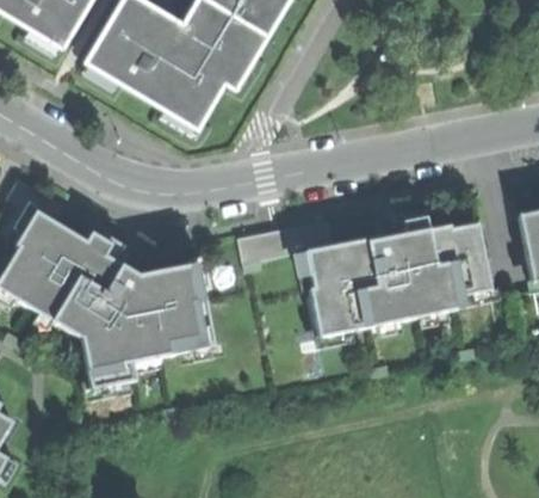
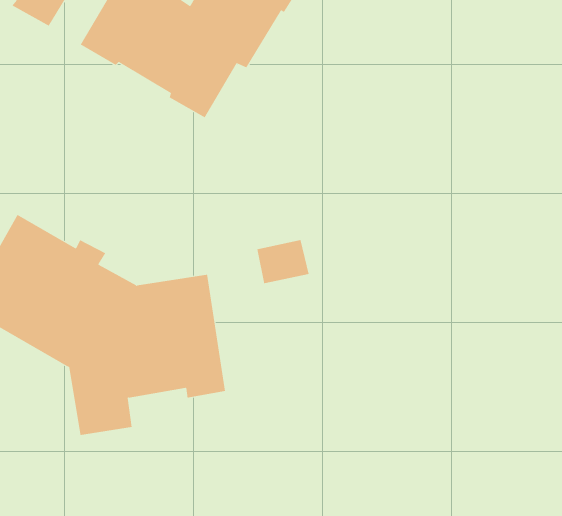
building: [302,219,494,332] -> none

